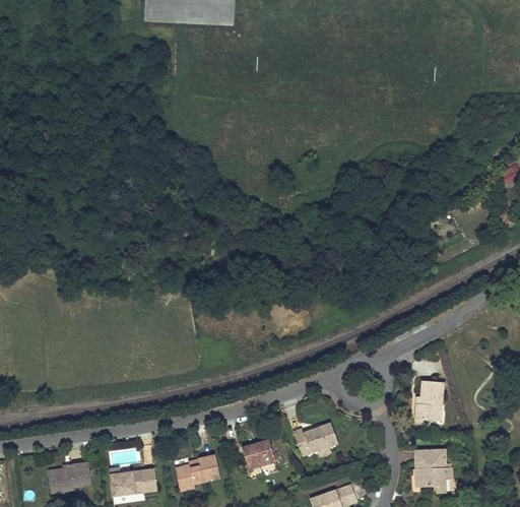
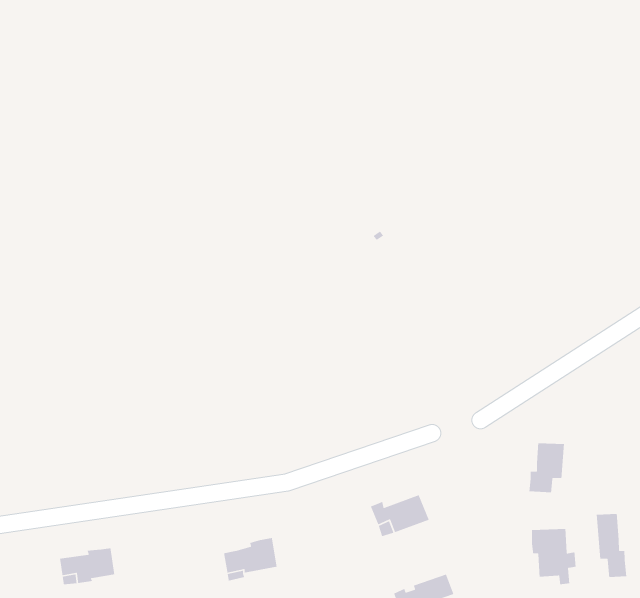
building: none -> [596,513,627,578]
building: [241,439,274,469] -> none
building: [119,466,155,494] -> none

